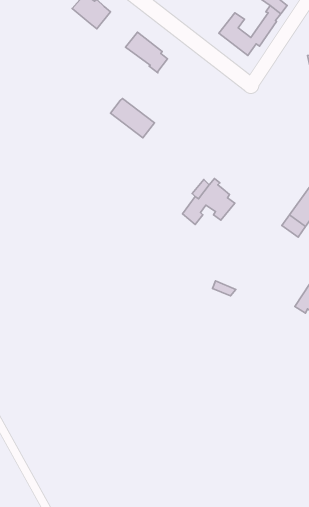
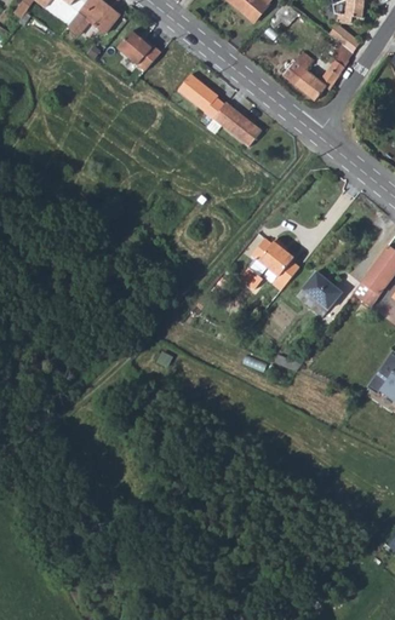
building: [111,98,155,138] -> [213,102,263,147]
building: none -> [298,271,344,316]

